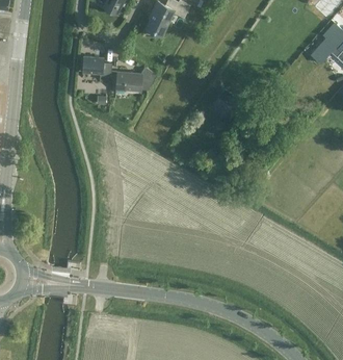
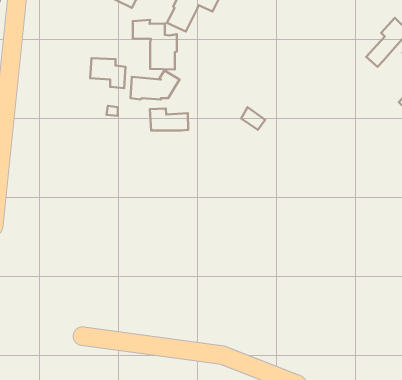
building: none -> [133,20,177,69]
building: none -> [150,109,188,130]

